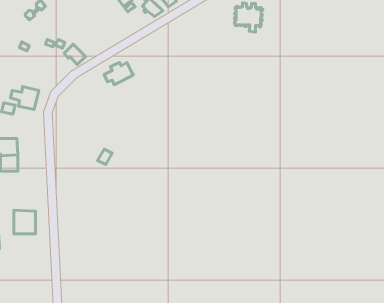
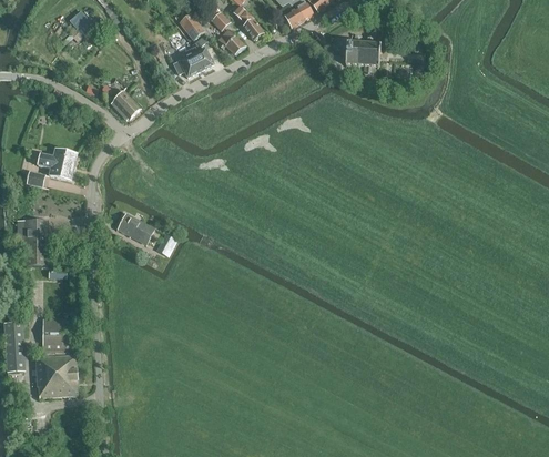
building: [104,62,133,84] -> [173,47,213,77]
building: none -> [116,213,154,242]
building: none -> [35,355,77,397]

